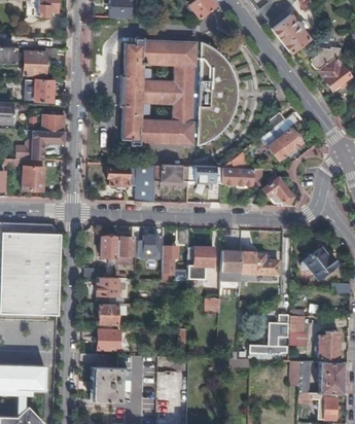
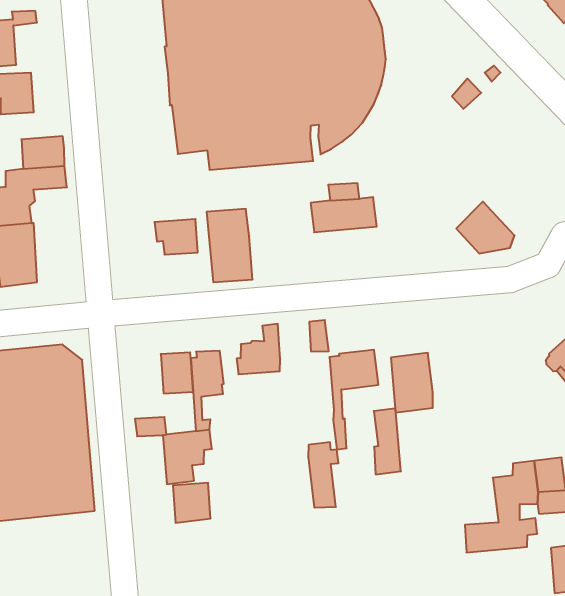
building: [269,129,301,160] -> none
building: [222,153,263,186] -> none
building: [155,166,189,182] -> none
building: [163,246,178,280] -> [308,442,339,508]
building: [241,247,279,280] -> none
building: [98,329,122,351] -> none

